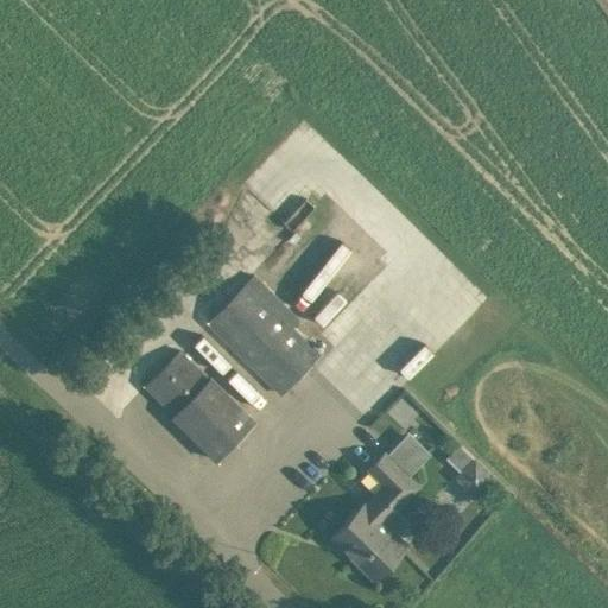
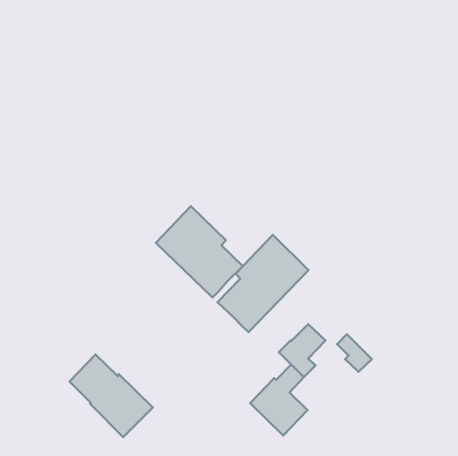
building: none -> [217,235,309,332]
building: [145,352,255,461] -> [69,355,153,437]

